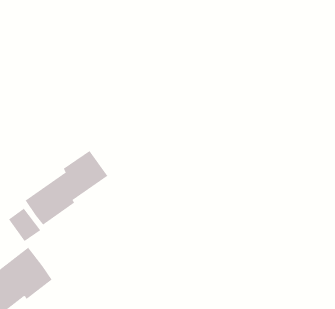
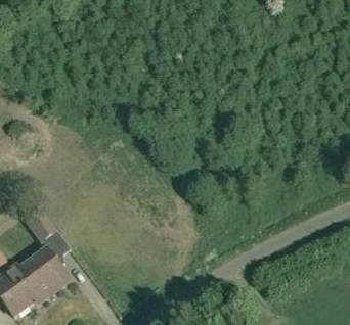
building: [25,150,108,225] -> none

